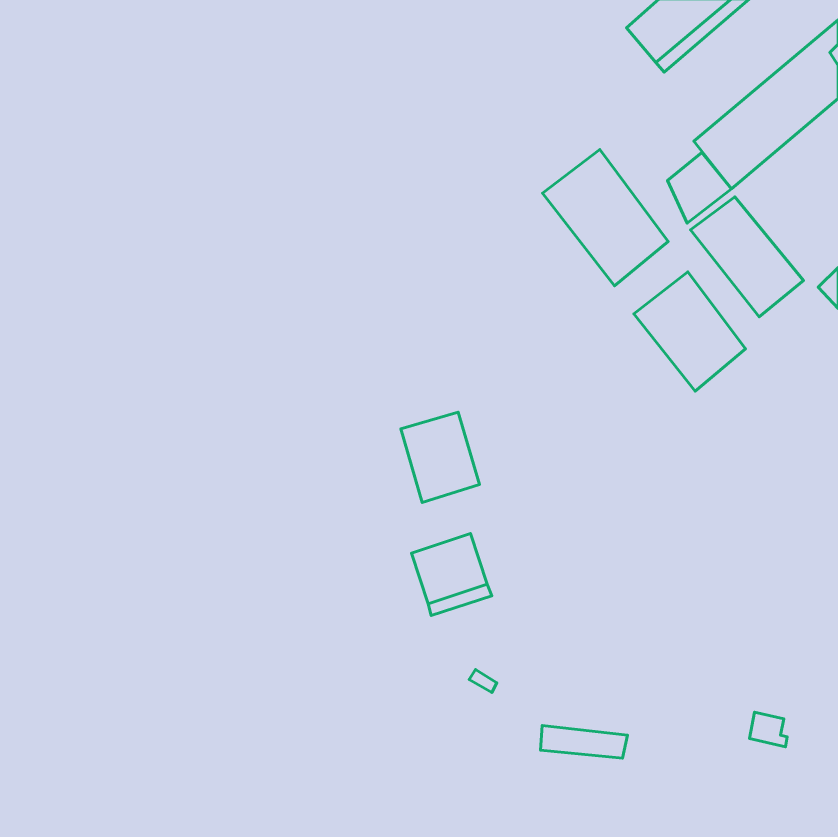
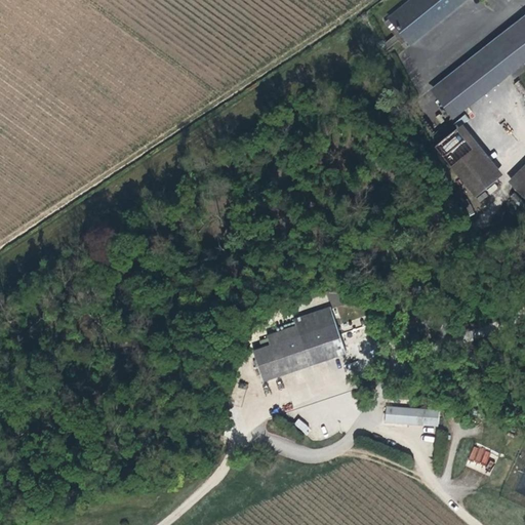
building: [542,150,668,286] -> none
building: [634,272,746,391] -> none
building: [401,412,480,503] -> [299,301,349,358]
building: [541,725,627,758] -> [386,405,440,426]

